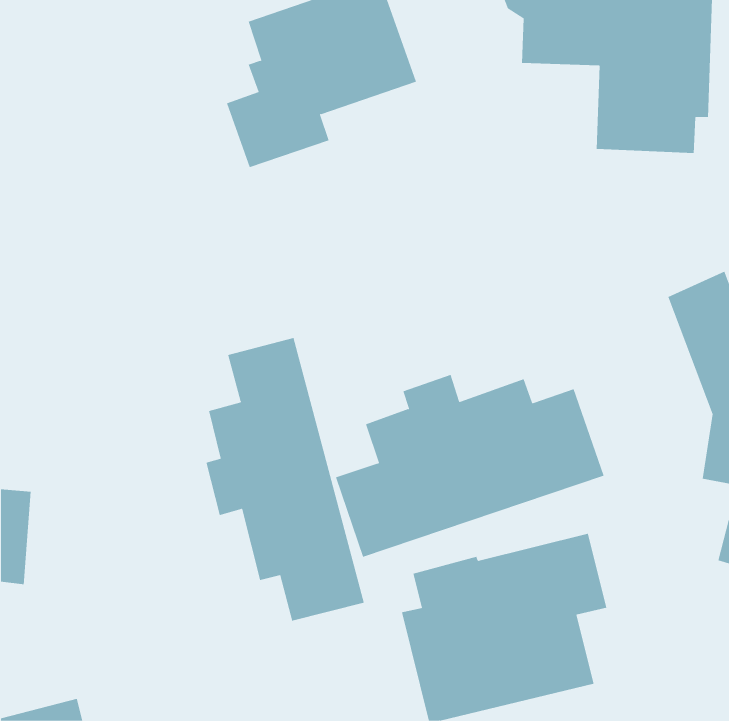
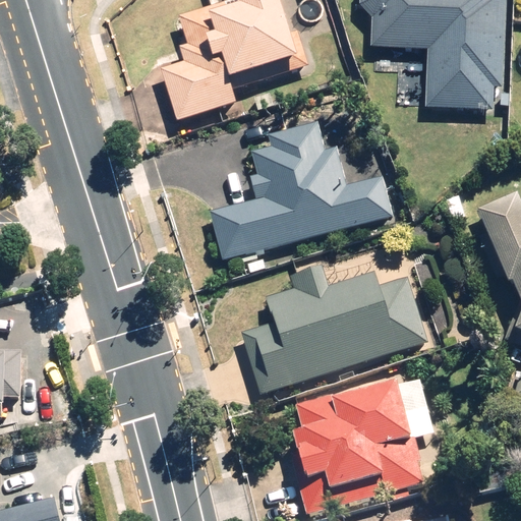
building: none -> [213,119,395,255]
building: [206,337,364,622] -> none

